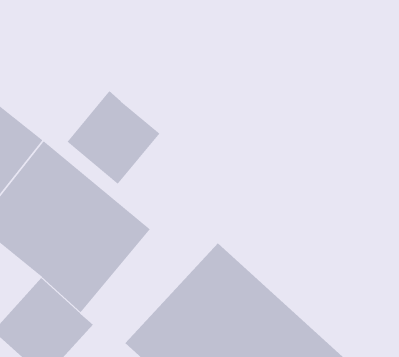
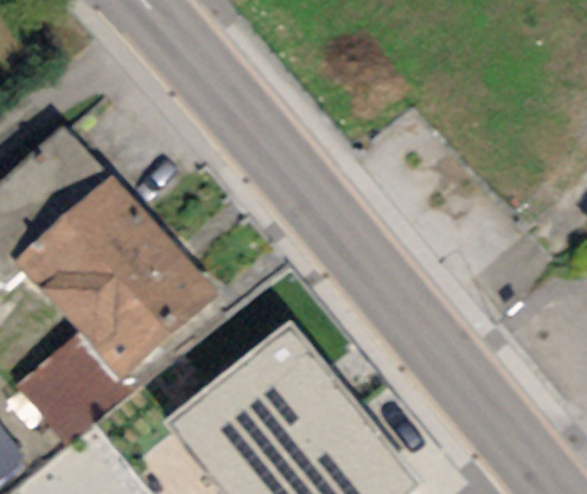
building: [67,90,161,185] -> none

